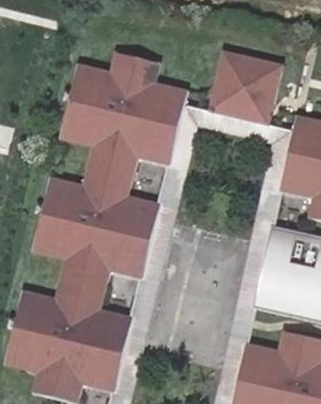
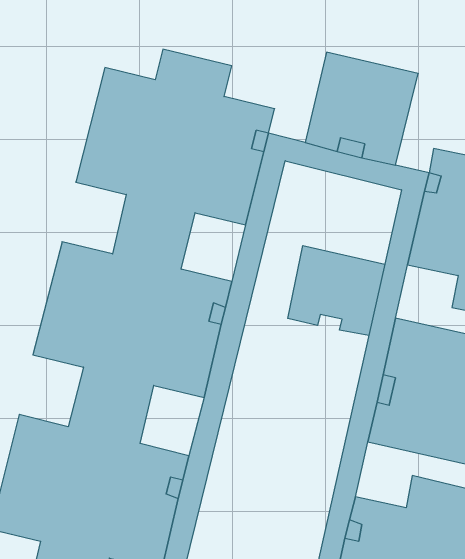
building: none -> [288,246,385,335]

